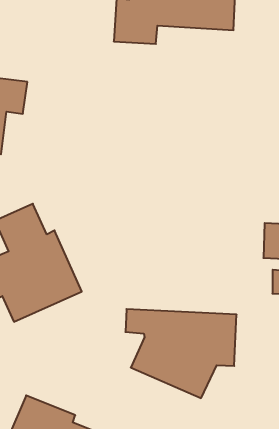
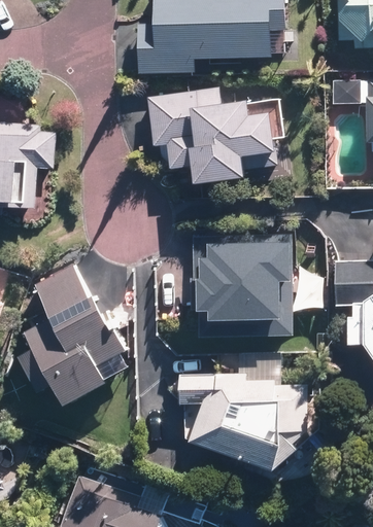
building: none -> [146,98,275,179]
building: none -> [201,246,287,331]

